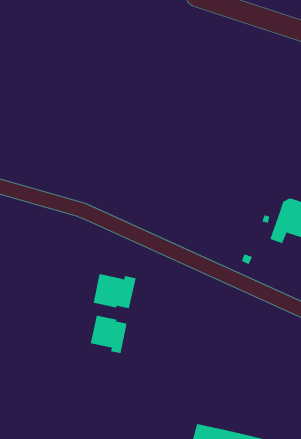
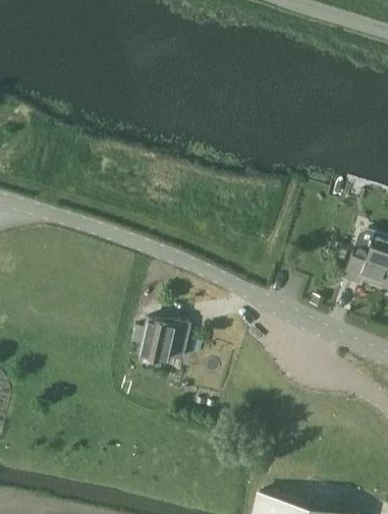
building: [90,315,127,354] -> none

